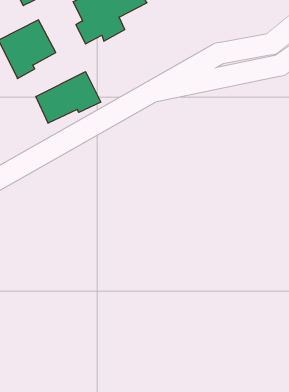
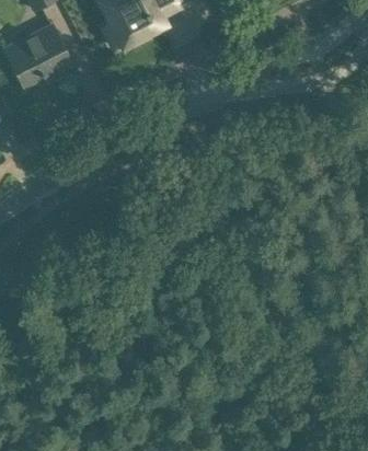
building: [36,72,101,123] -> none

